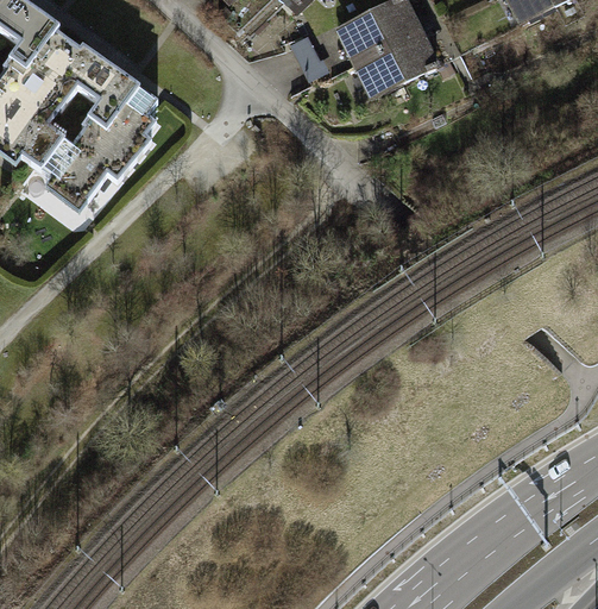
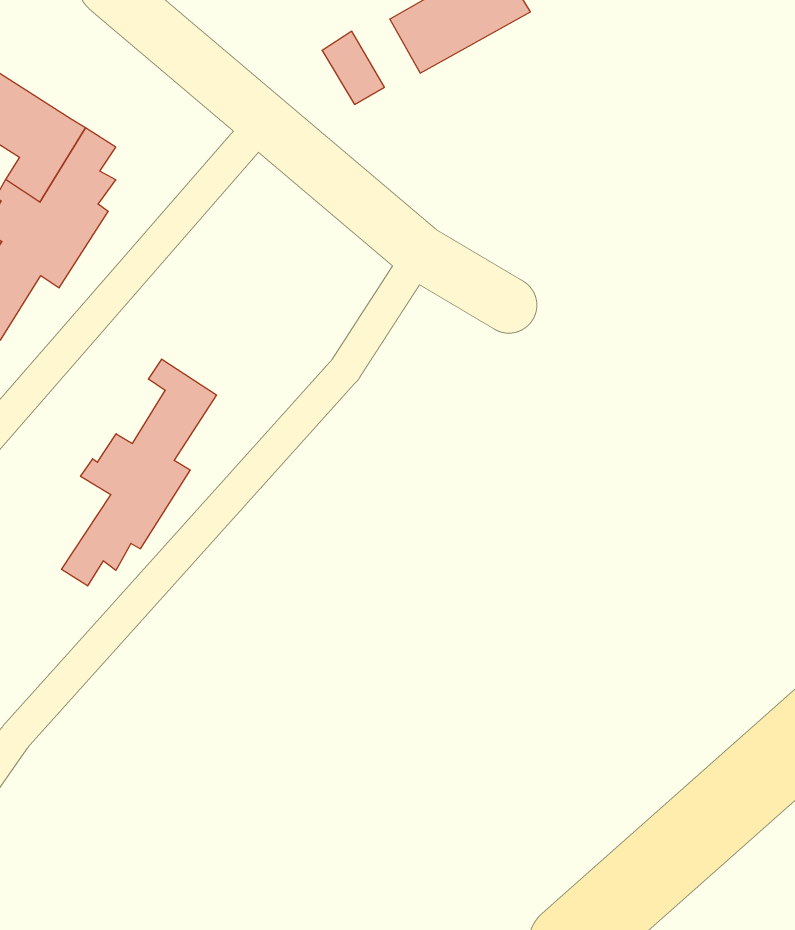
building: [348,29,435,96] -> none
building: none -> [62,359,217,586]

